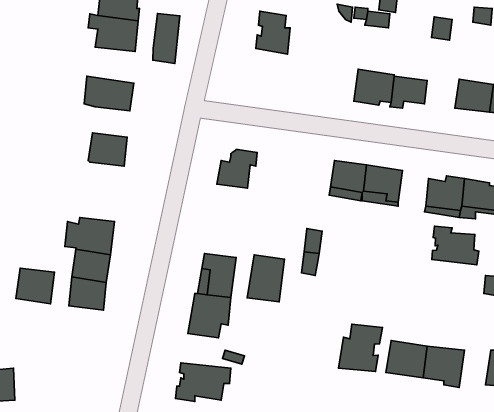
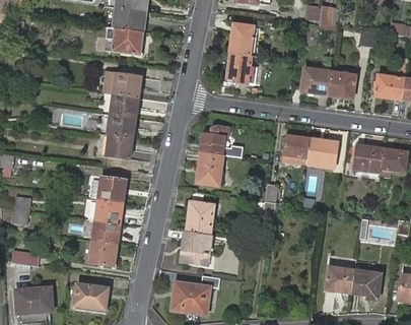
building: [153,14,180,64] -> none
building: none -> [226,52,253,80]
building: none -> [110,94,138,117]
building: none -> [106,135,133,158]
building: [432,226,479,265] -> none
building: [247,255,285,302] -> [196,151,223,186]
building: [16,268,55,304] -> [89,241,118,267]
building: [339,324,382,372] -> none
building: none -> [74,284,108,309]

